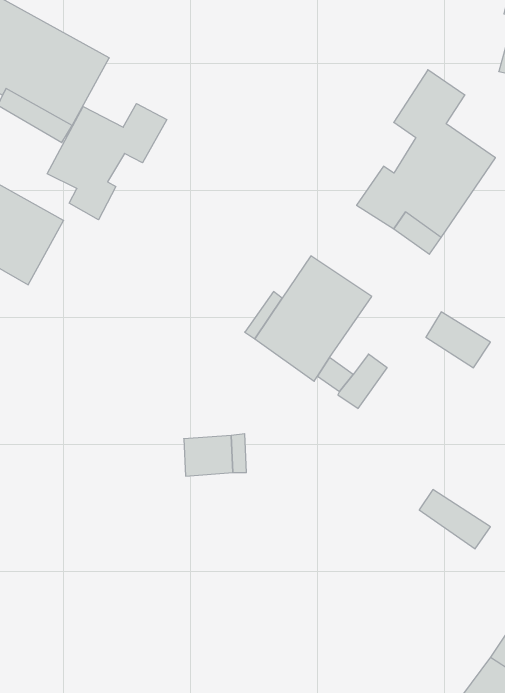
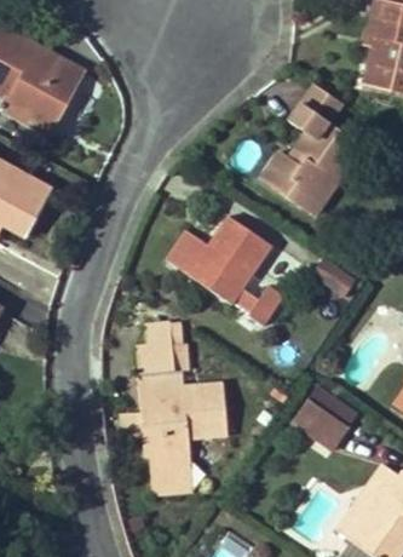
building: [47,104,167,220] -> none
building: none -> [139,377,226,492]
building: none -> [292,397,350,449]

